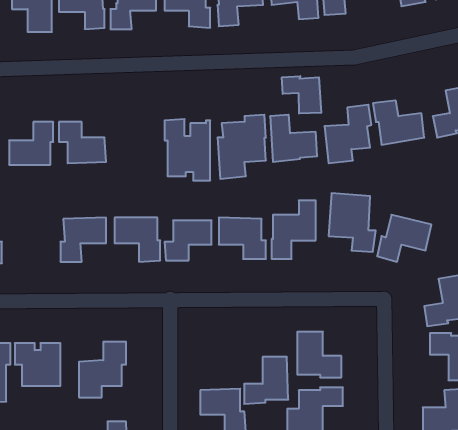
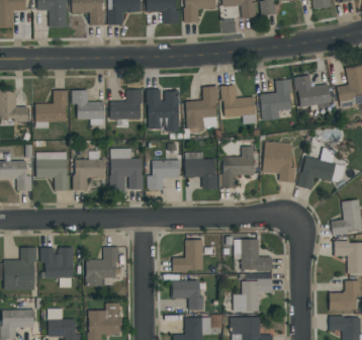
building: [282,76,321,114] -> none
building: none -> [110,88,143,119]
building: none -> [36,159,69,189]
building: [244,357,288,404] -> [173,239,204,272]

